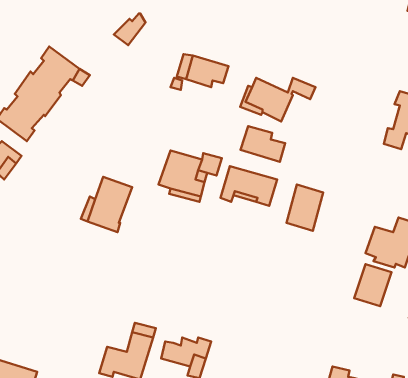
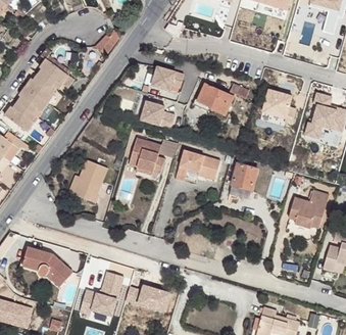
building: none -> [261,89,295,124]
building: [240,126,285,162] -> [139,100,174,128]
building: [354,264,391,306] -> none
building: none -> [22,247,72,287]

